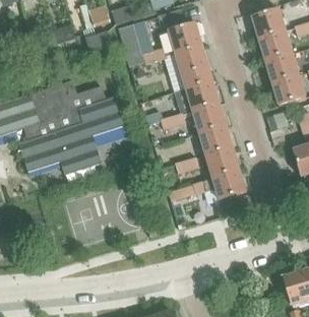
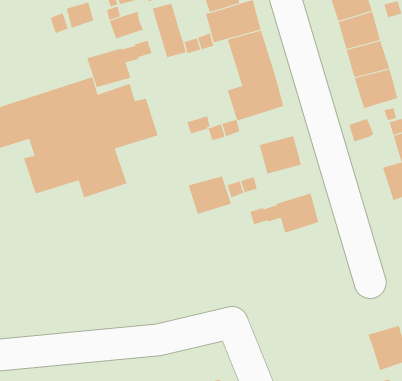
building: none -> [87,40,152,88]
building: [193,103,226,132] -> none
building: [205,147,239,177] -> [188,176,232,214]

